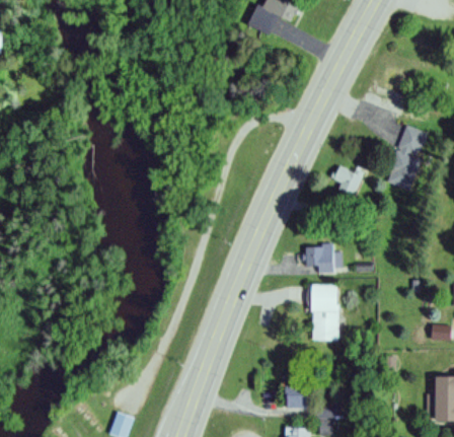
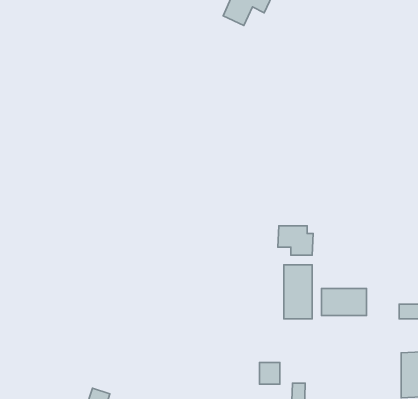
building: [389,126,428,190] -> none
building: [330,162,366,198] -> none
building: none -> [321,289,366,316]

